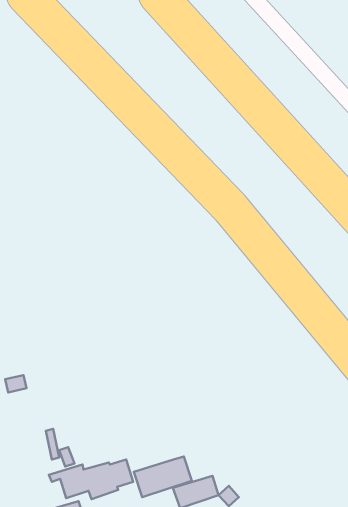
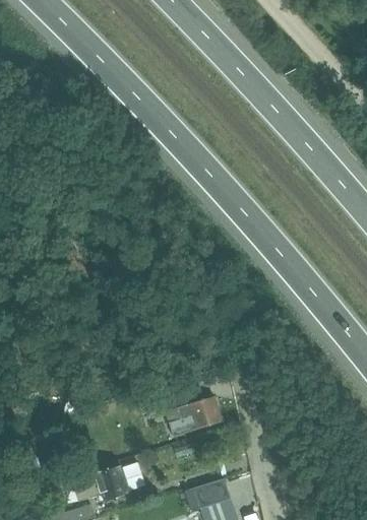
building: [134,456,192,497] -> [165,396,223,437]

